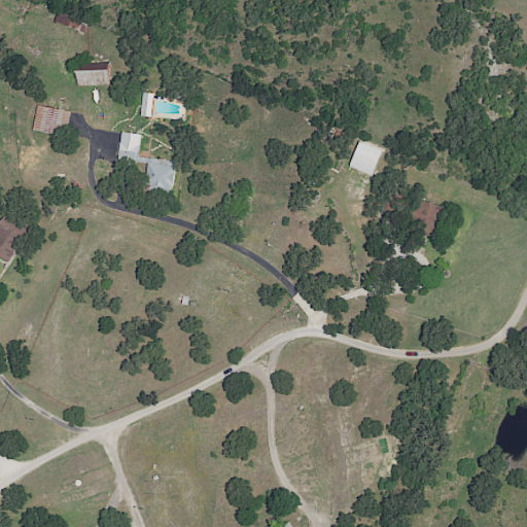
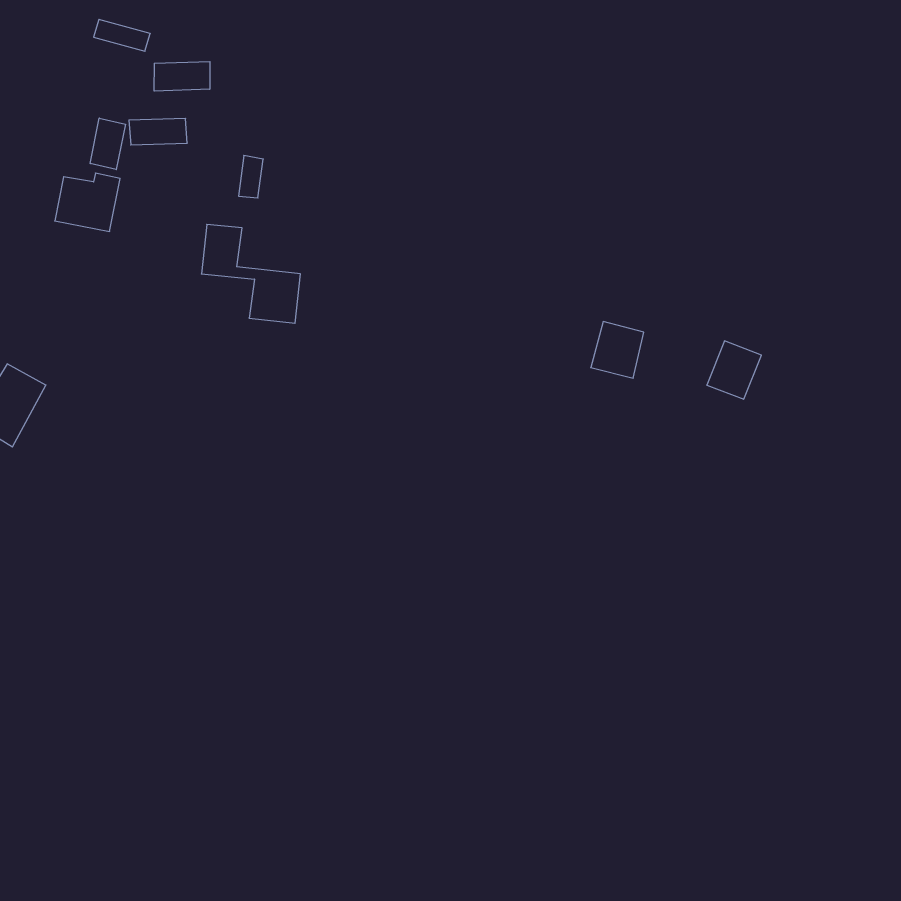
building: none -> [154,62,210,91]
building: none -> [90,118,125,170]
building: [349,141,380,174] -> [591,322,644,378]

